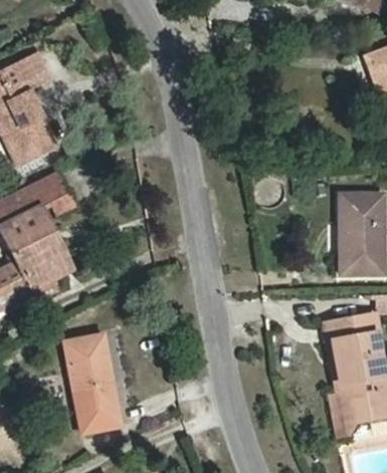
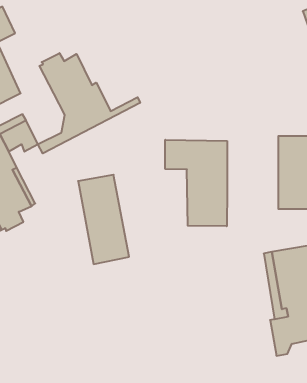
building: none -> [38,53,140,153]
building: none -> [165,140,227,226]
building: [65,334,122,433] -> [78,175,129,264]

